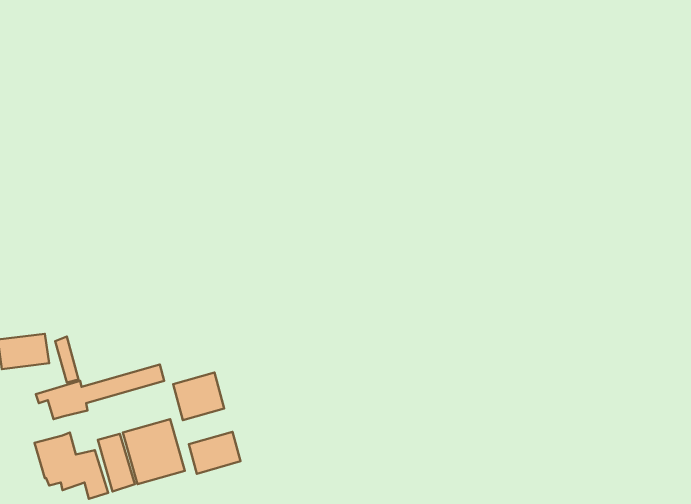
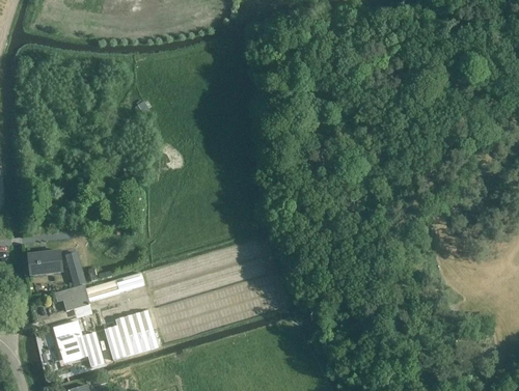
building: [173,372,224,420] -> none
building: [189,432,240,474] -> none

